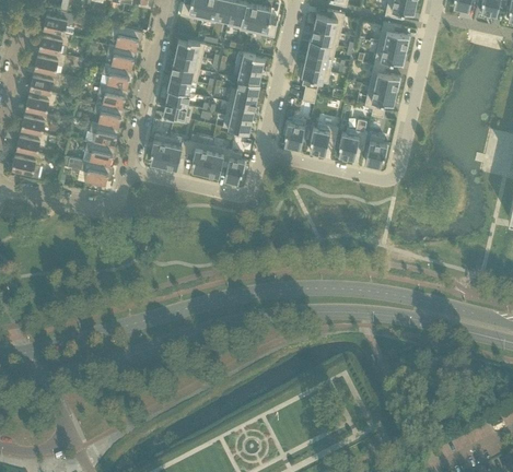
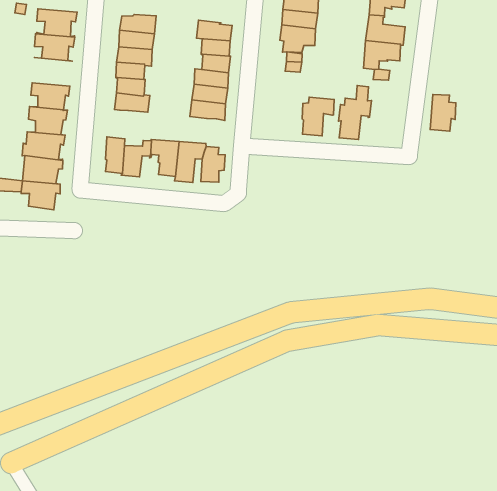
building: [101,63,135,90] -> none
building: [283,117,305,146] -> none
building: [365,134,388,165] -> [430,95,456,131]

